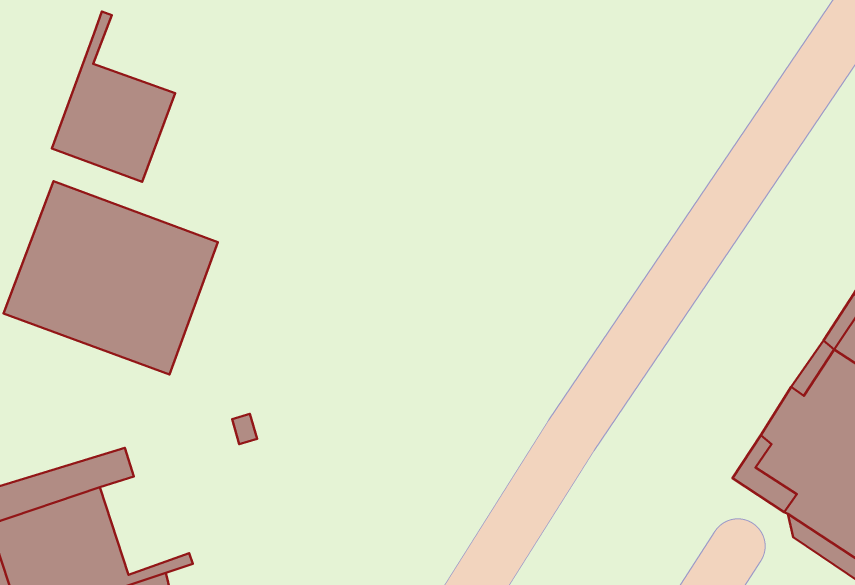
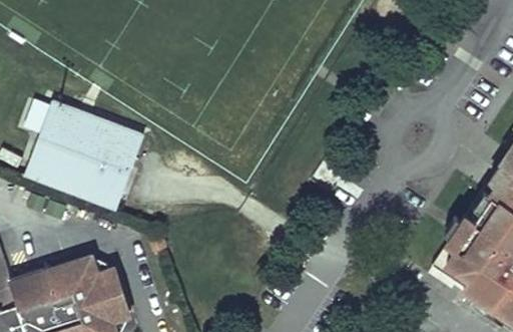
building: [52,12,175,182] -> none
building: none -> [77,263,127,323]

